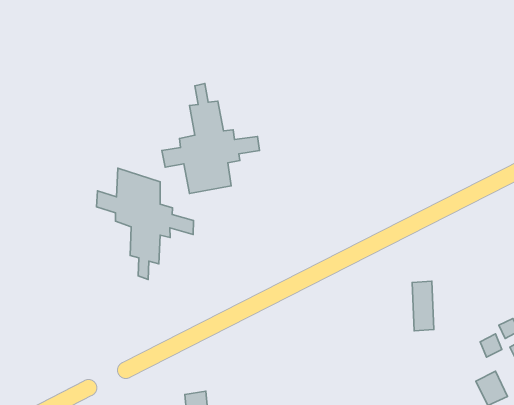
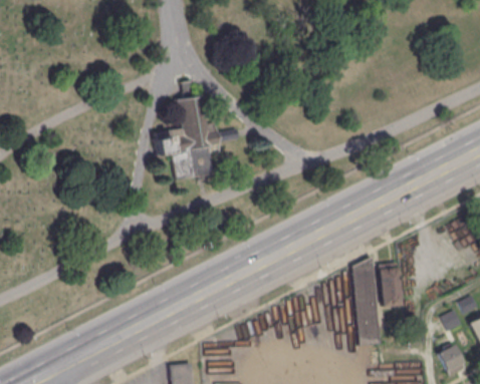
building: [96,168,193,279] -> none
building: none -> [353,260,379,344]

